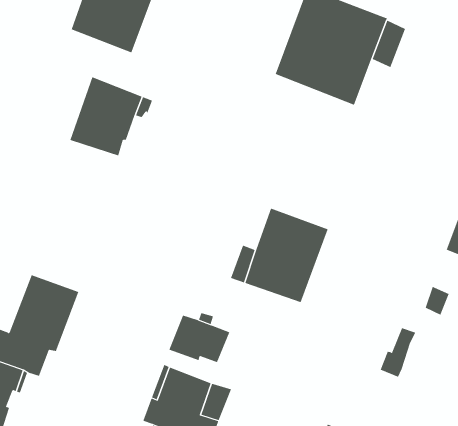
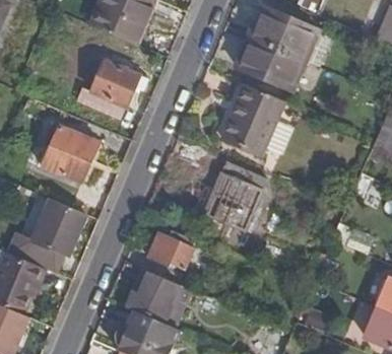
building: none -> [220,83,284,154]
building: none -> [41,125,97,184]

